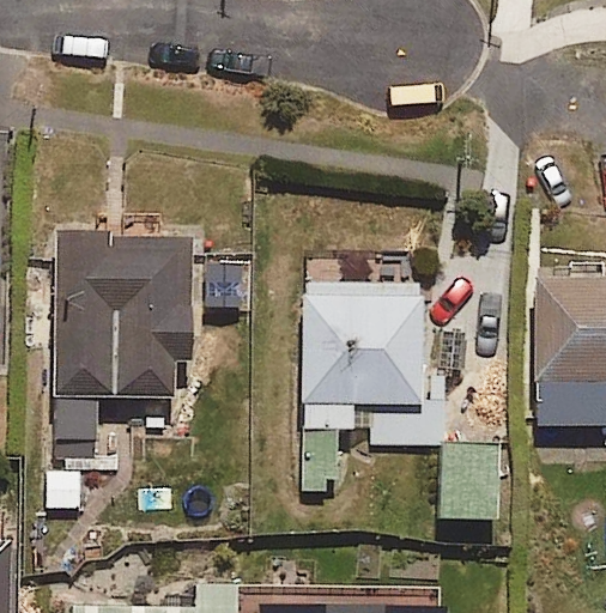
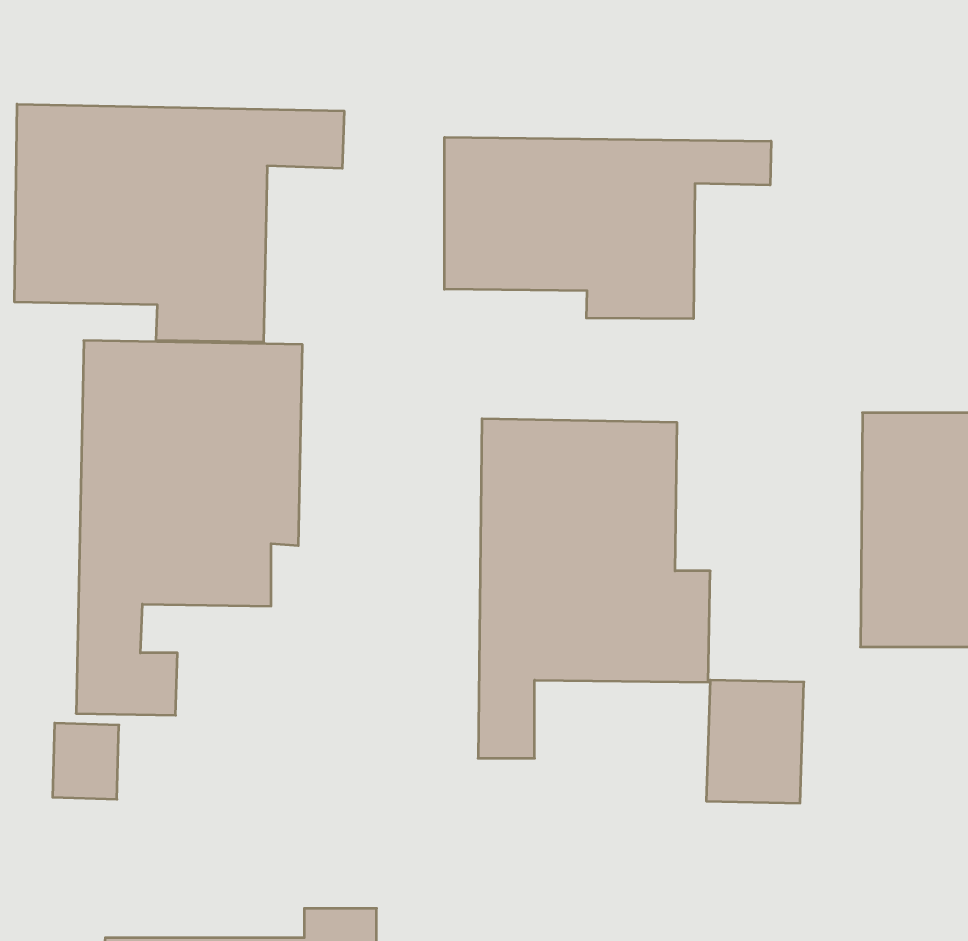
building: none -> [15,104,344,342]
building: none -> [444,137,771,319]

